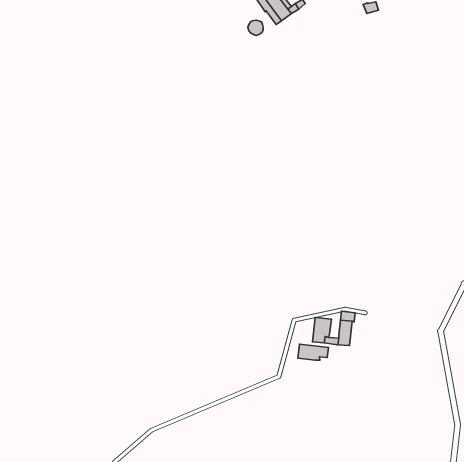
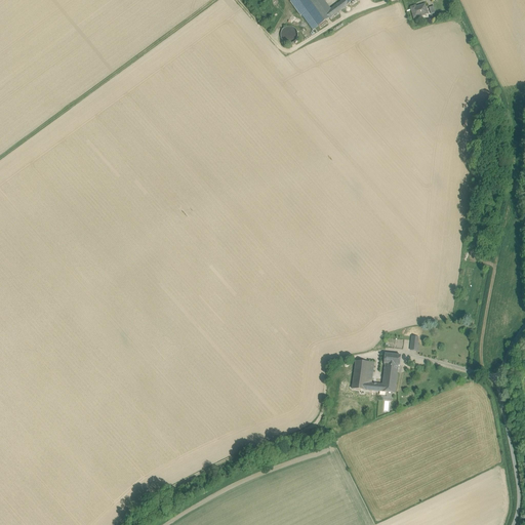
building: [298,344,329,360] -> none

